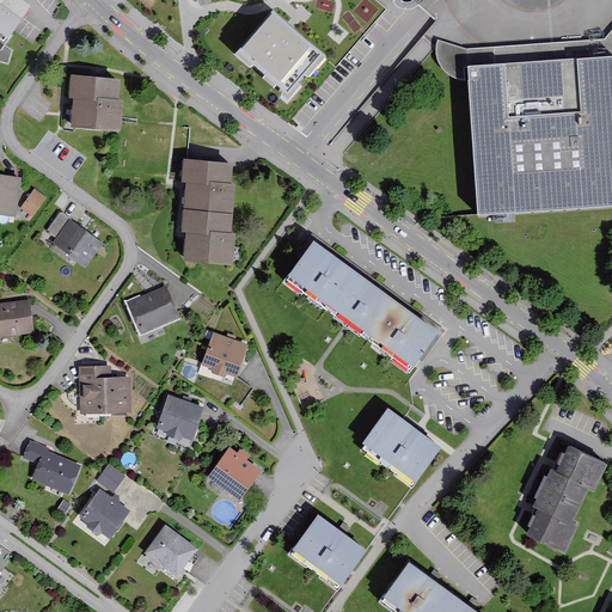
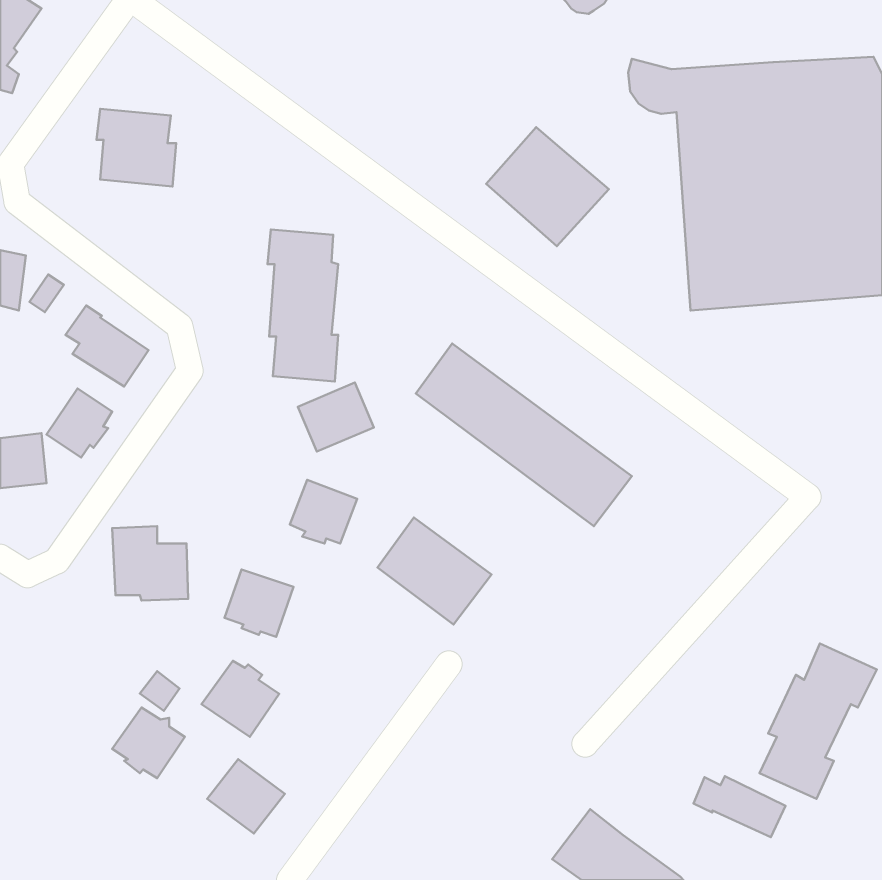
building: [238,11,323,93] -> [486,127,609,246]
building: none -> [47,388,112,458]
building: [127,287,179,335] -> [298,383,374,452]
building: [362,406,441,481] -> [377,517,491,624]
building: [23,442,80,495] -> none
building: [207,447,261,500] -> [202,661,279,737]
building: [290,513,366,583] -> none
building: none -> [693,776,786,837]

